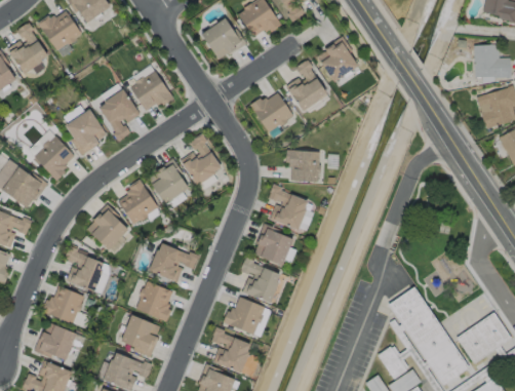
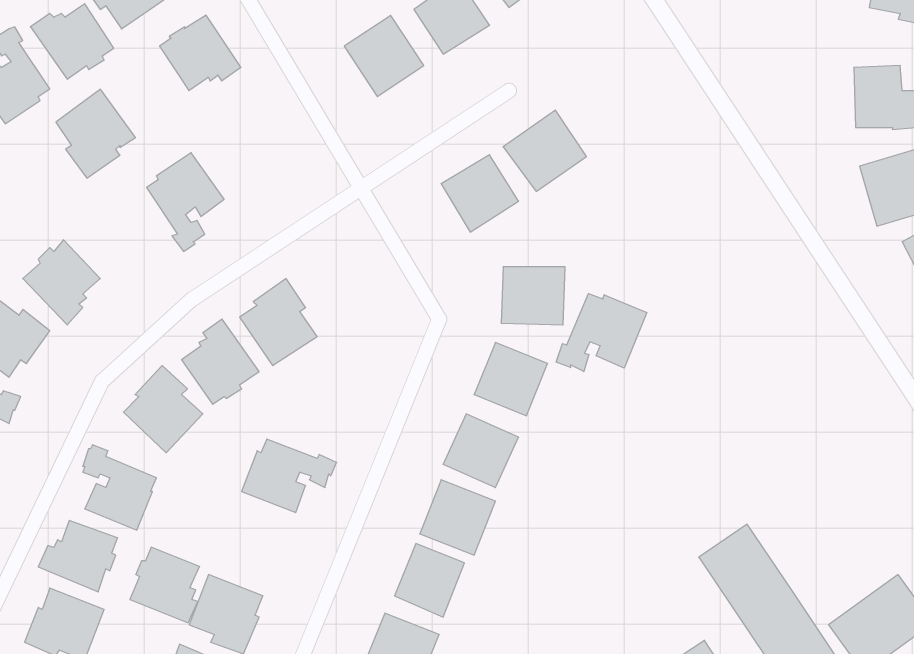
building: [318,41,359,82] -> none
building: [128,72,171,112] -> [160,15,241,91]
building: [64,110,106,157] -> [56,89,135,178]
building: [179,132,220,185] -> none
building: none -> [556,294,647,372]
building: [134,280,171,320] -> [130,547,200,623]

